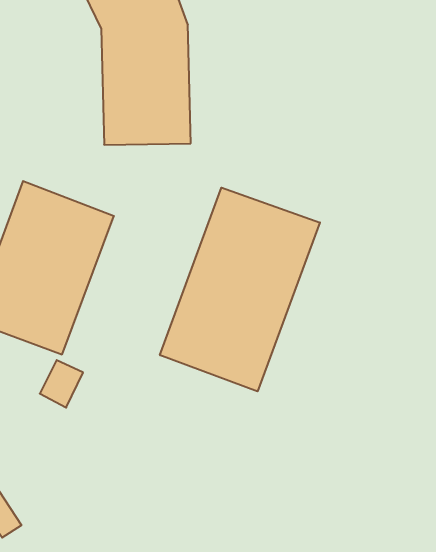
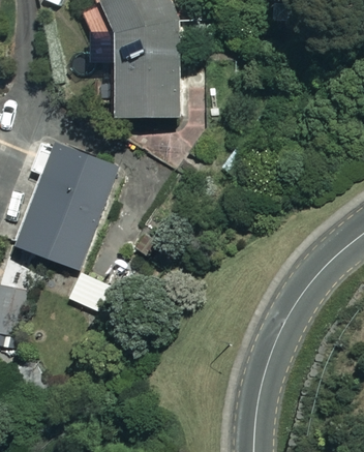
building: [160,188,320,391] -> none

